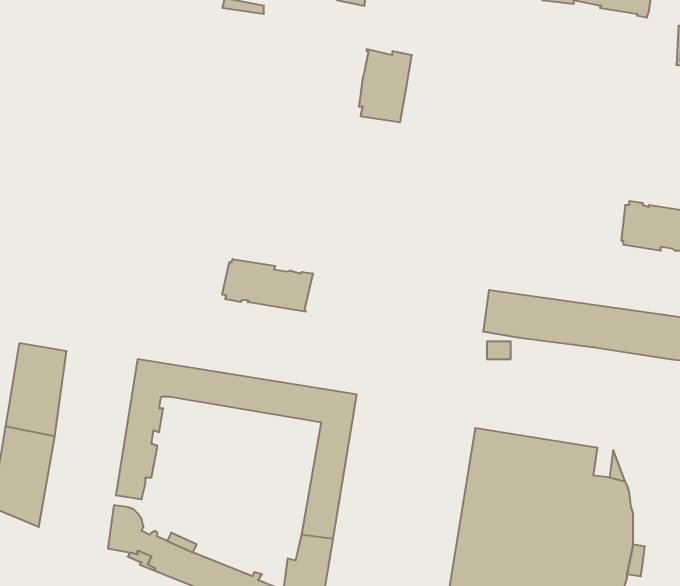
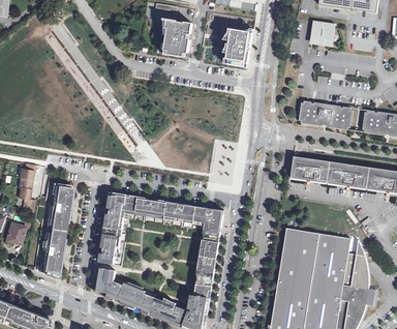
building: none -> [162,19,191,57]
building: none -> [309,19,337,47]
building: none -> [299,99,353,128]
building: [222,259,313,312] -> none

